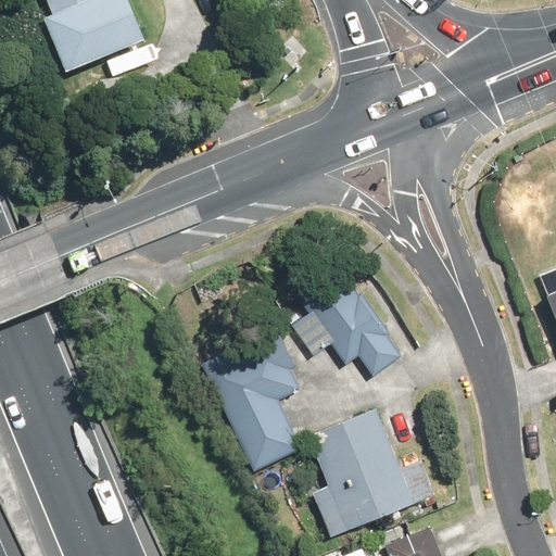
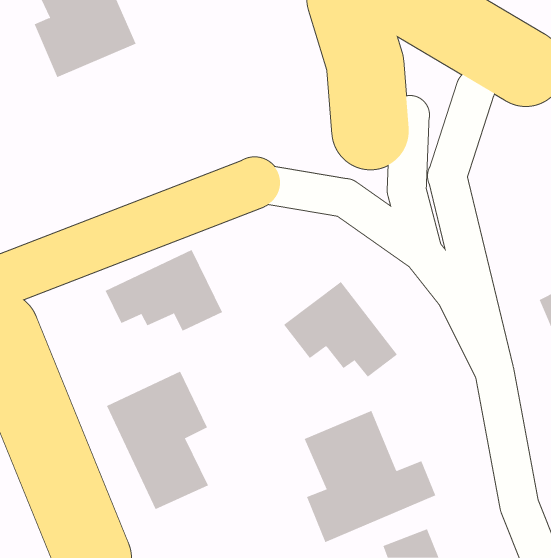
building: none -> [105,249,223,332]
building: [203,331,305,469] -> [106,371,209,510]

